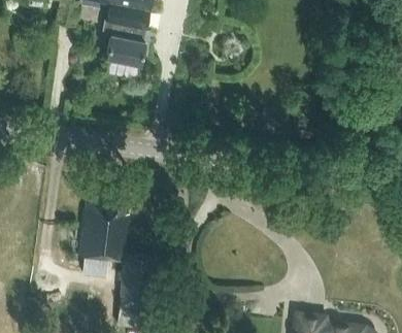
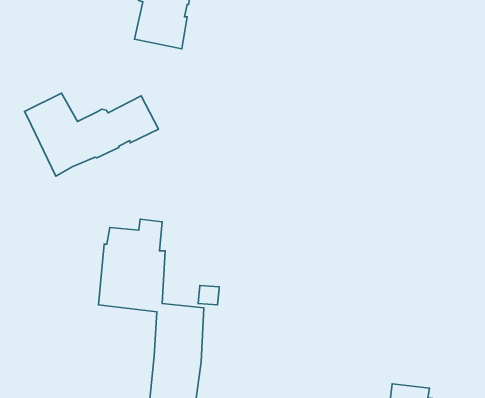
building: none -> [25,93,159,176]

